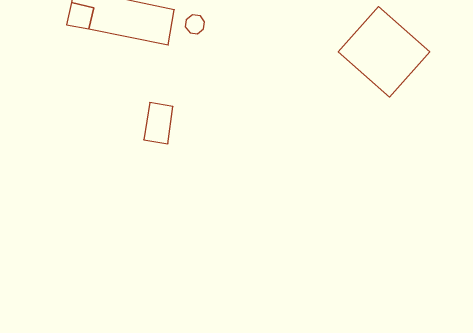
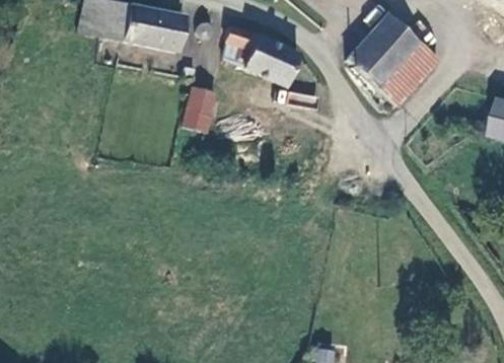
building: none -> [225,28,300,83]
building: [144,103,173,144] -> [189,87,218,129]

